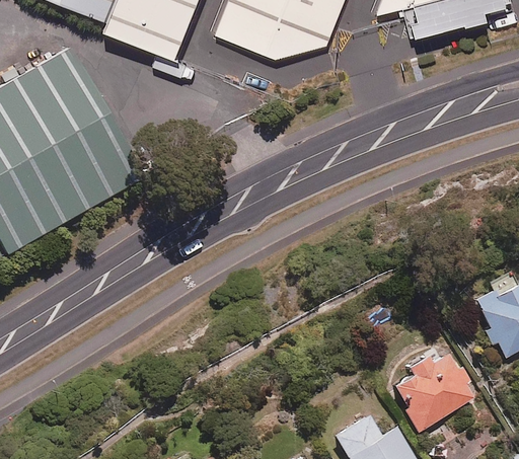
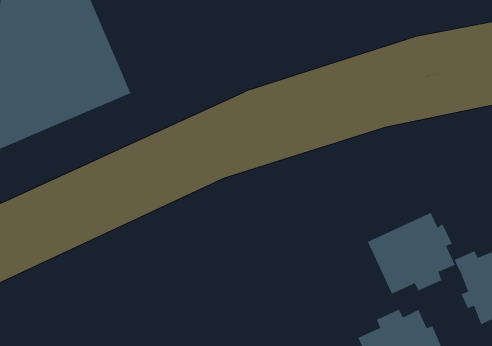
building: none -> [367,212,456,295]

